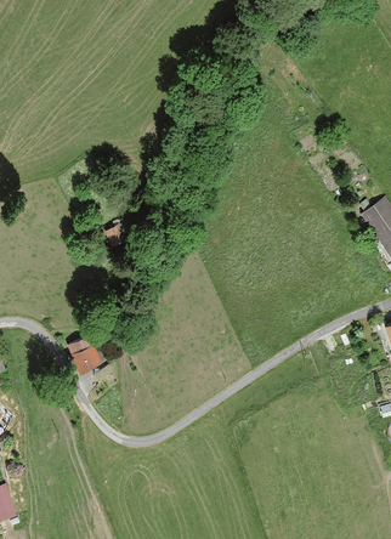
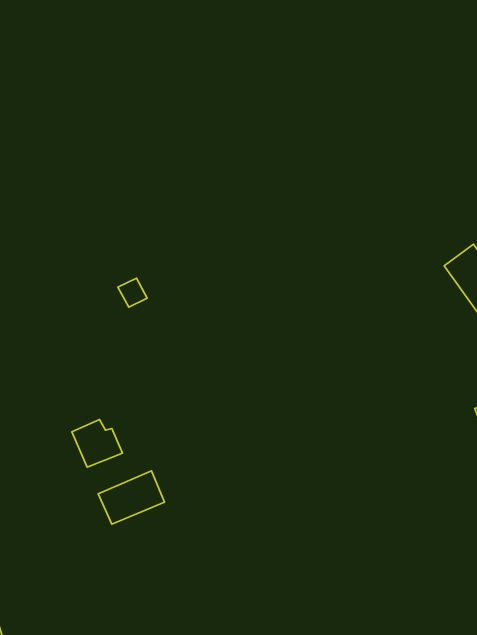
building: none -> [98,471,164,524]

